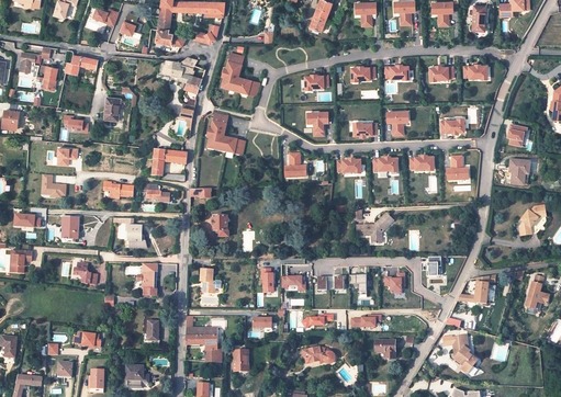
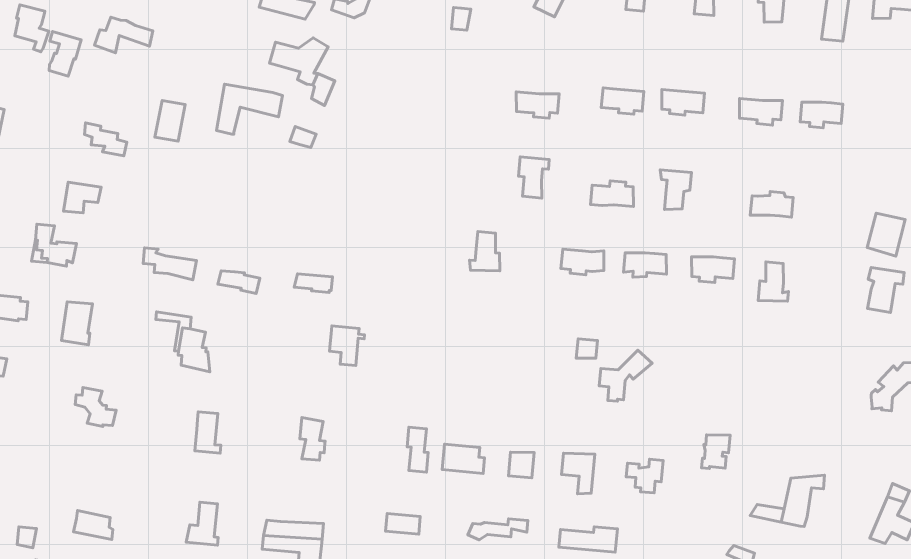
building: [223,54,258,95] -> none
building: [209,113,244,155] -> none
building: [152,149,187,177] -> [216,84,282,134]

